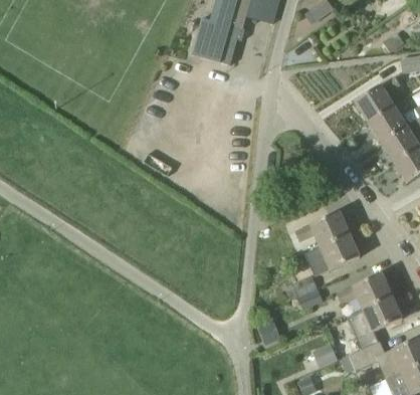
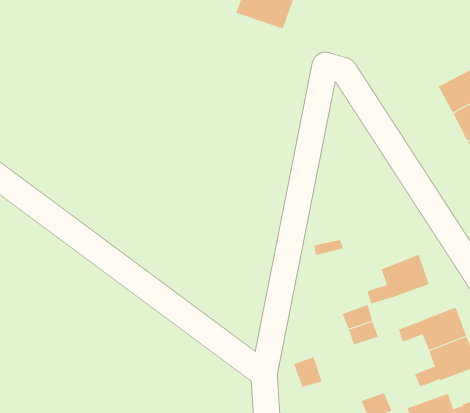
building: [295,211,350,247] -> none

